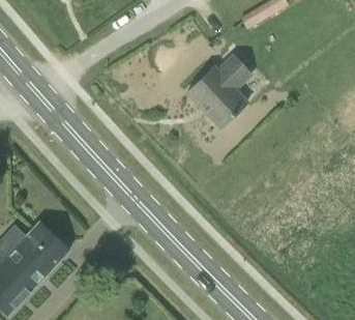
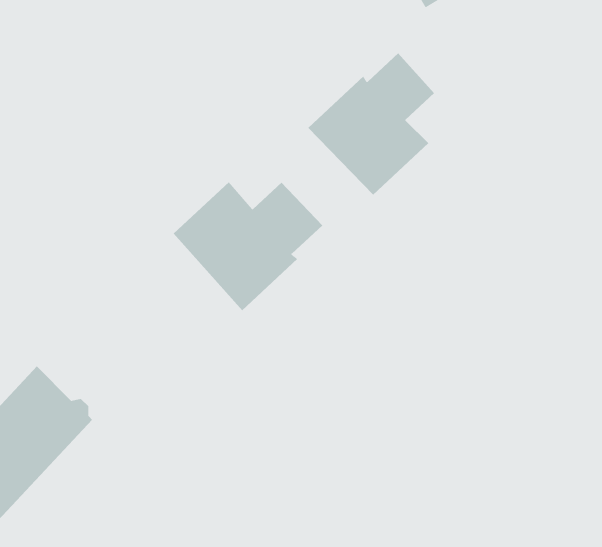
building: none -> [173,181,323,311]

